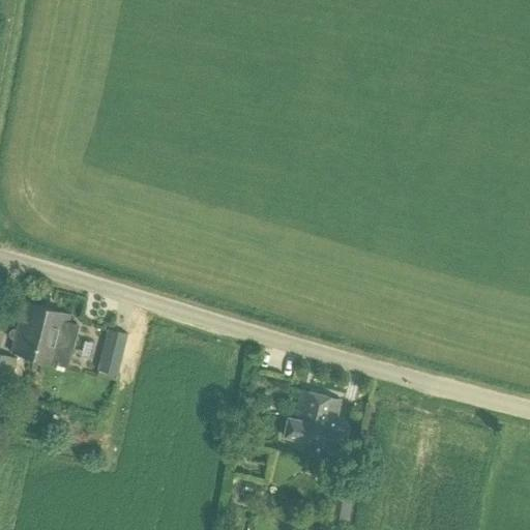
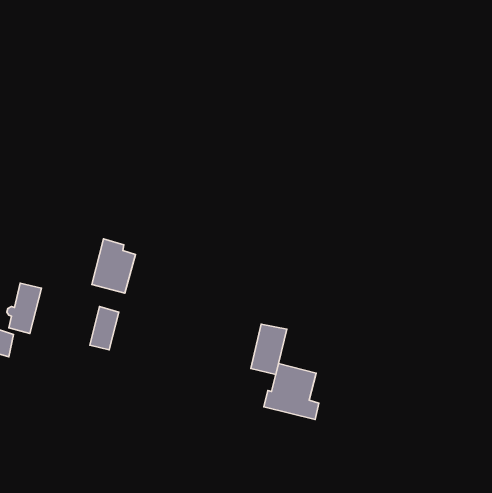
building: [32,308,79,366] -> [92,239,135,293]
building: none -> [251,324,287,374]

